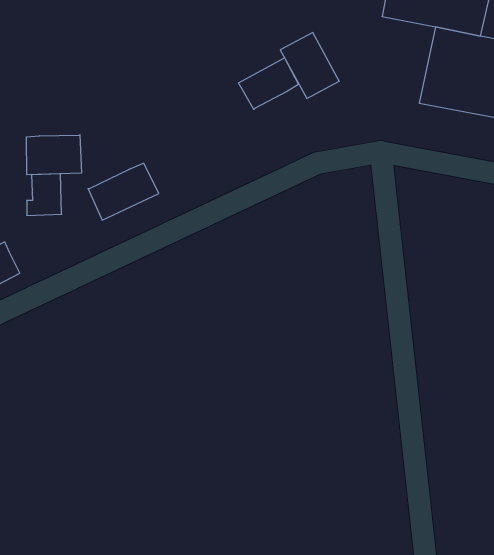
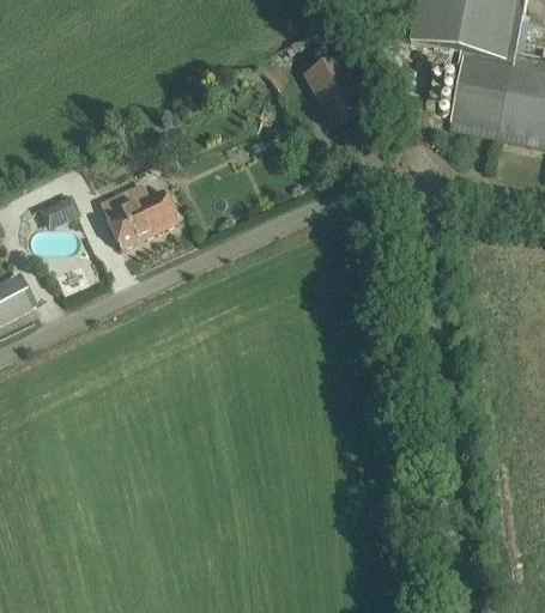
building: [239,58,298,109] -> none
building: [26,135,82,175] -> none

